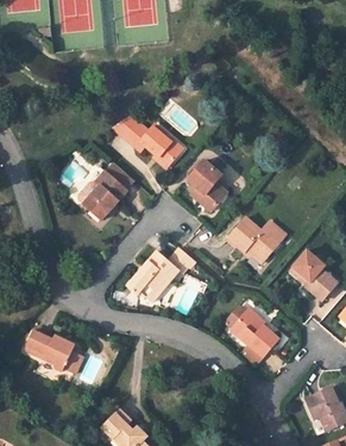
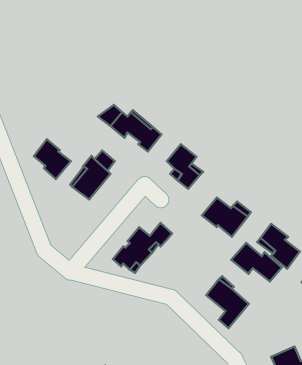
building: none -> [34,139,71,179]
building: none -> [231,243,282,281]
building: [25,330,81,372] -> none

